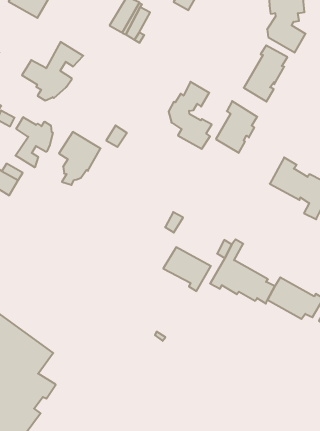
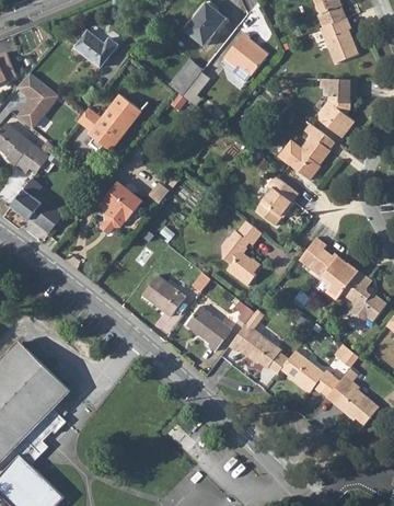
building: [169,82,212,149] -> [220,220,262,286]
building: [15,117,53,167] -> none
building: none -> [140,275,184,317]

